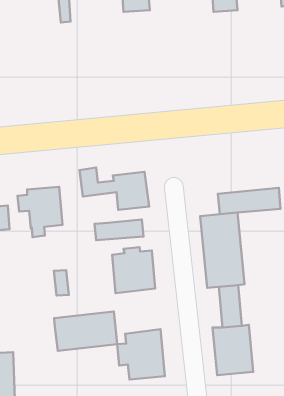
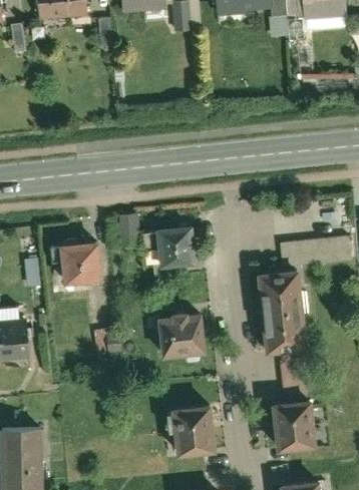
building: [95,220,143,240] -> none
building: [54,312,117,351] -> none

